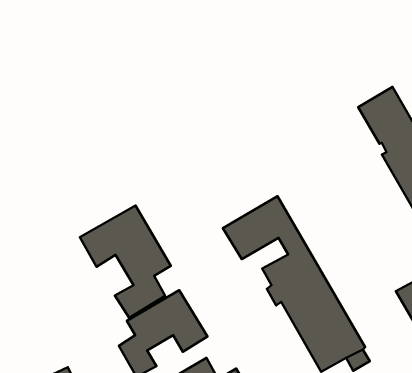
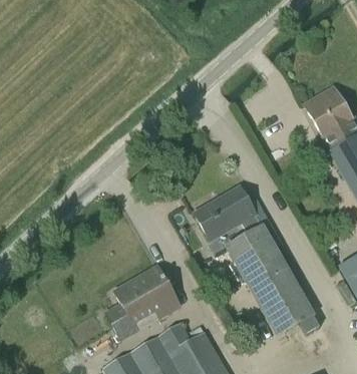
building: [80,206,171,318] -> none

